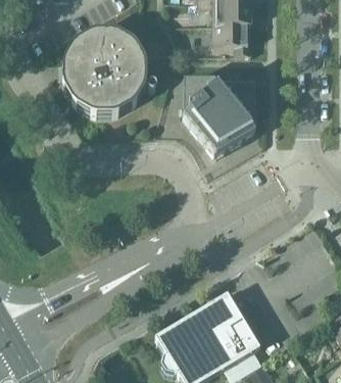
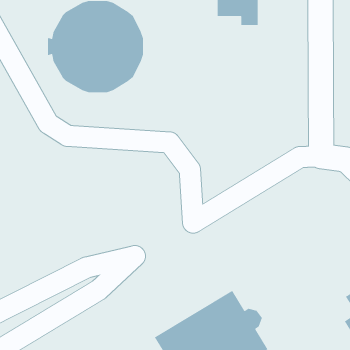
building: [184,85,255,154] -> none

